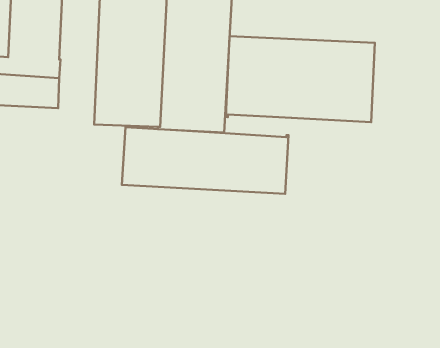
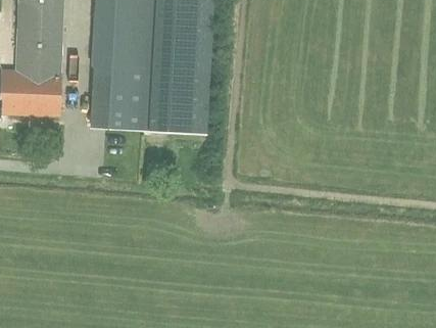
building: [226,36,375,122] -> none
building: [122,127,289,194] -> none

